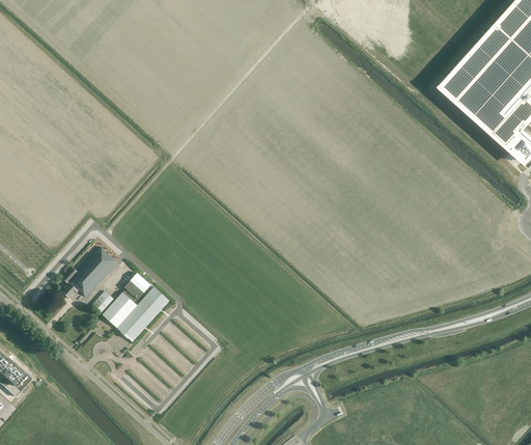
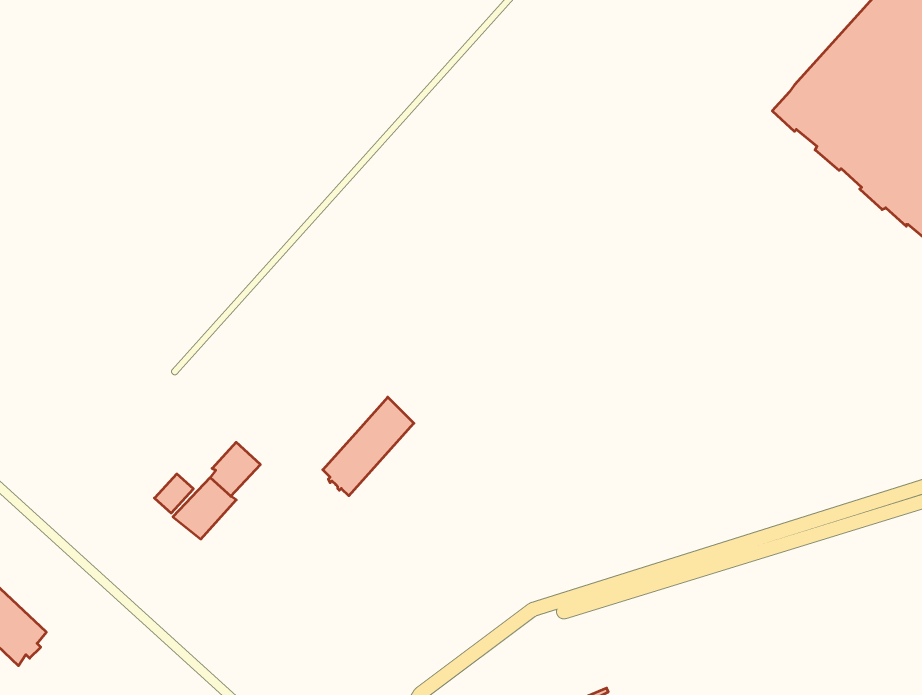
building: [61,247,117,299] -> none
building: [118,286,169,341] -> [323,397,414,496]

